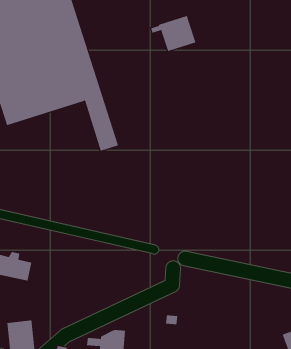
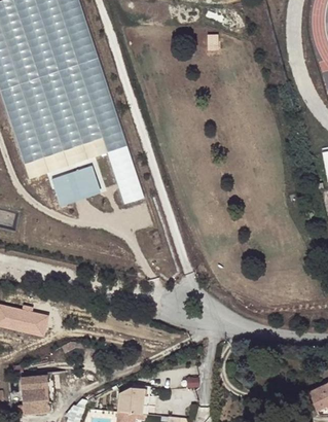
building: [151,15,196,52] -> none
building: none -> [46,161,96,201]

